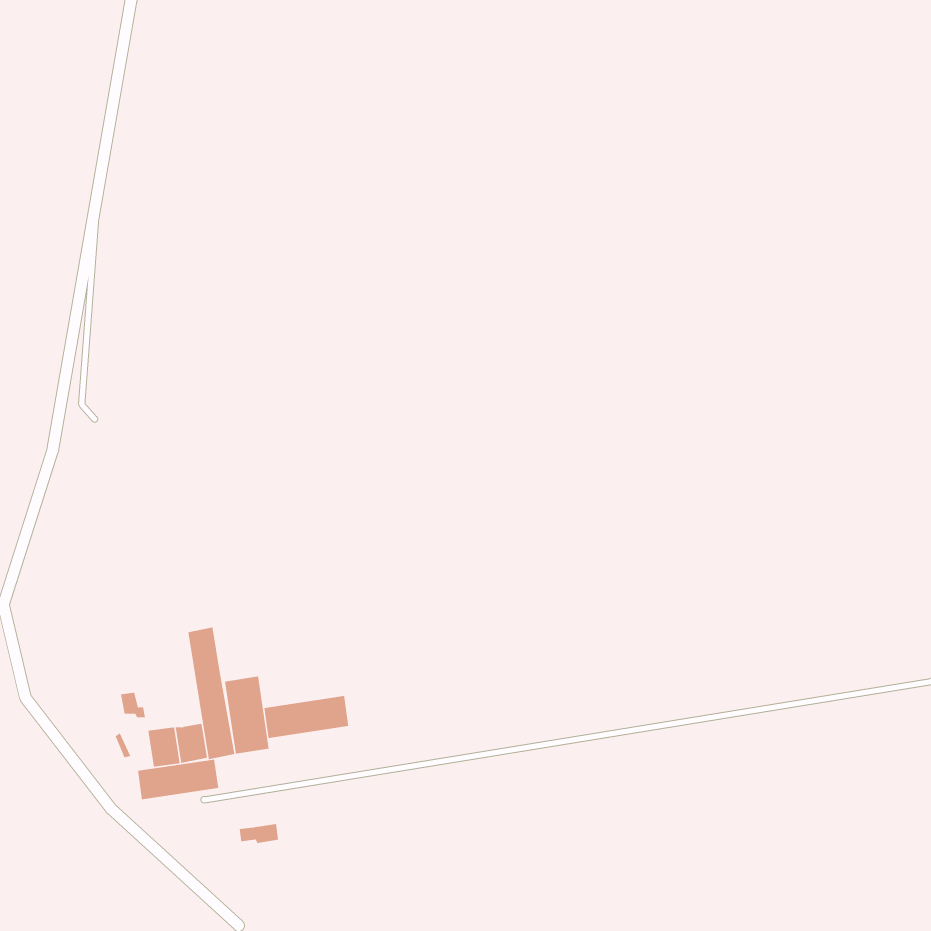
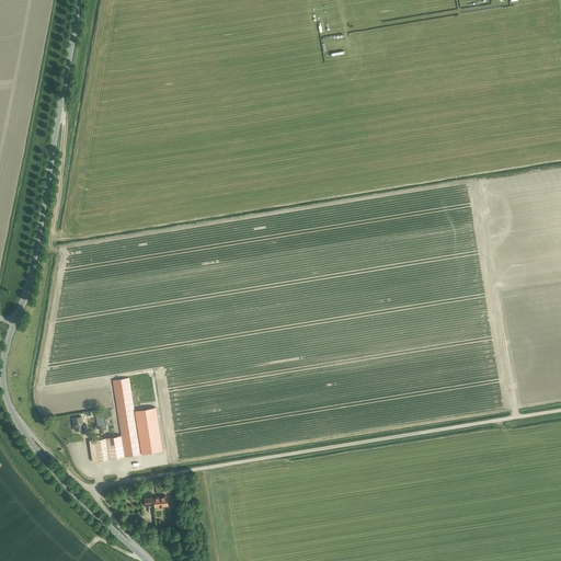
building: [264,695,349,739] -> none
building: [137,759,219,800] -> none

